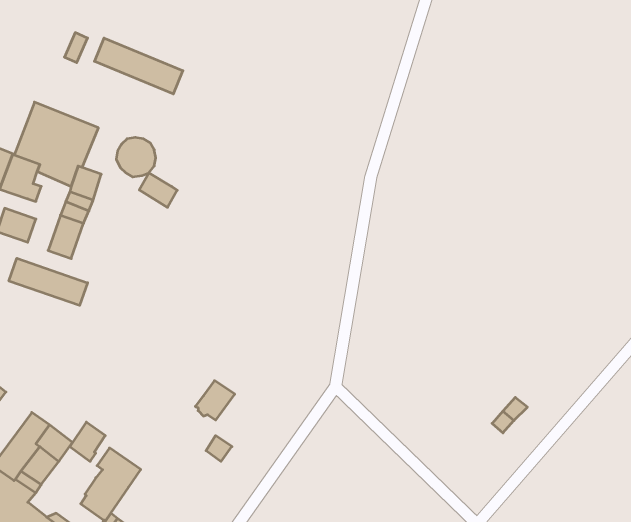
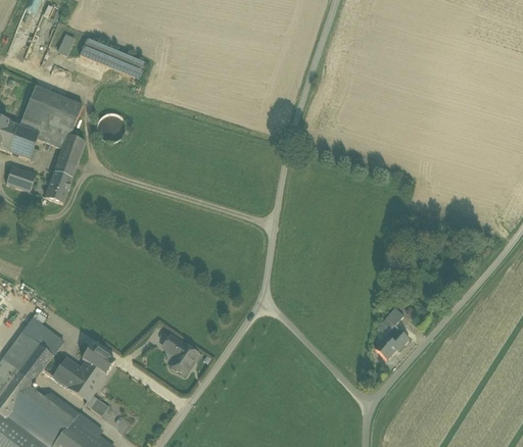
building: [139,173,177,207] -> none
building: [9,258,88,305] -> none
building: [195,381,235,420] -> [168,344,197,374]
building: [70,422,105,461] -> [53,357,80,387]
building: none -> [375,329,409,359]

